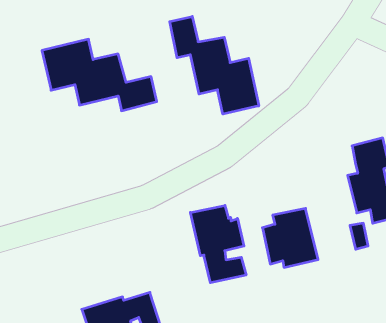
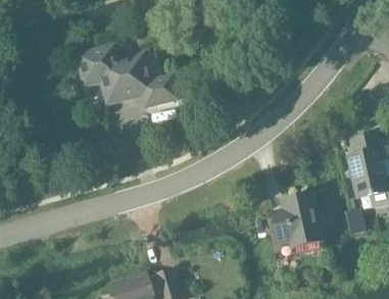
building: [170,16,259,114] -> none
building: [190,205,246,283] -> none

